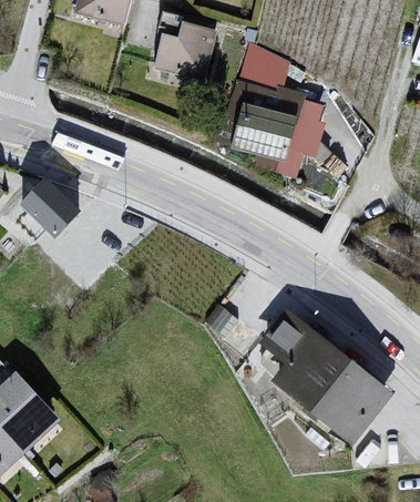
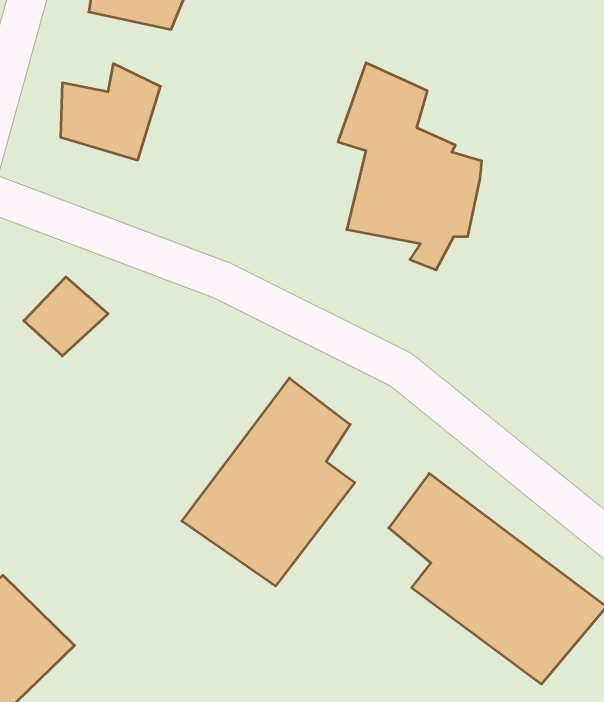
building: [151,24,214,85] -> [61,64,161,160]
building: none -> [182,378,355,586]

